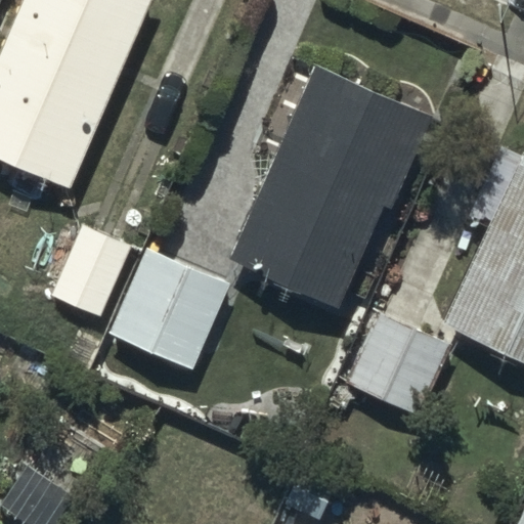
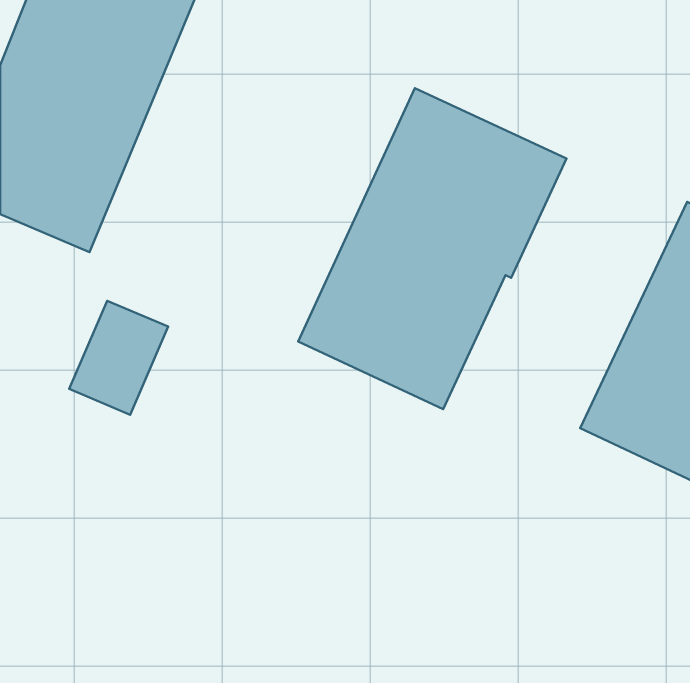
building: [111,249,228,368] -> none
building: [347,312,449,416] -> none

